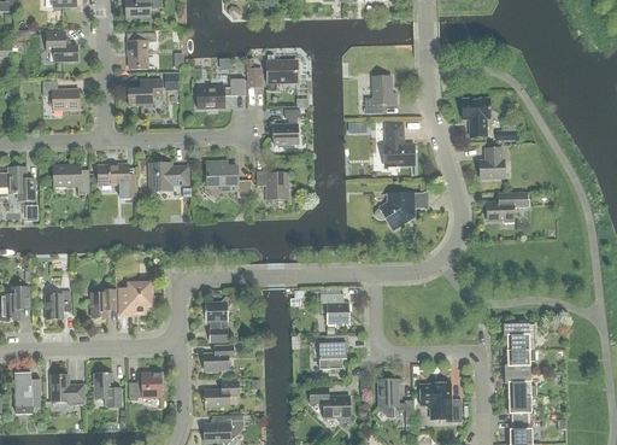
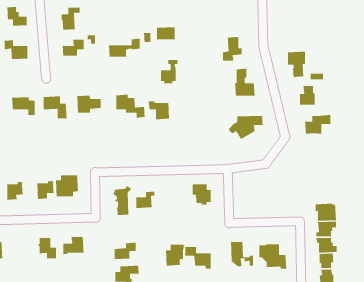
building: [318,334,347,368] -> [165,244,185,266]
building: [204,344,233,370] -> [136,191,155,209]
building: [51,374,86,404] -> none

